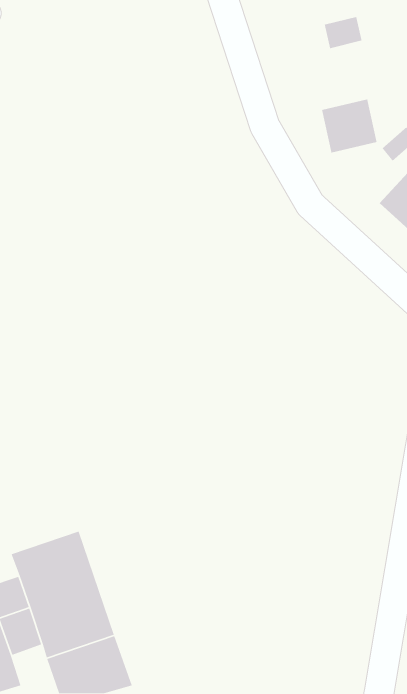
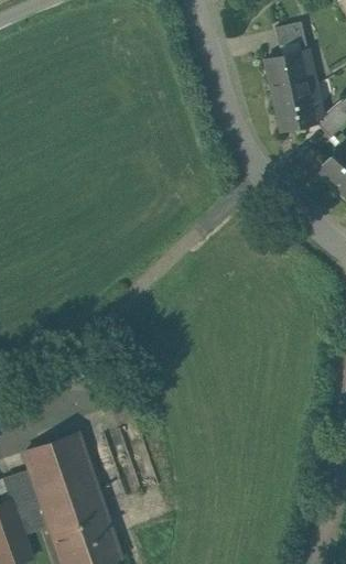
building: none -> [264,51,310,95]

